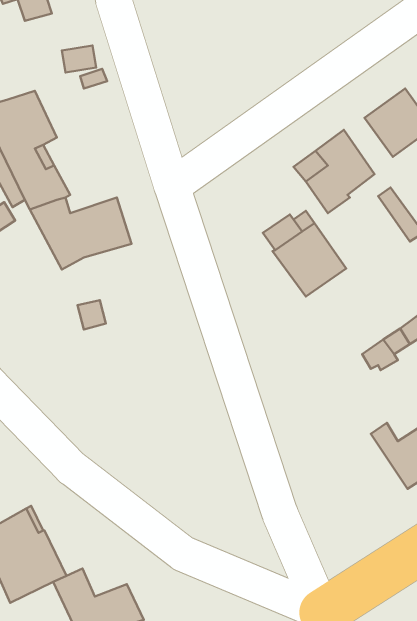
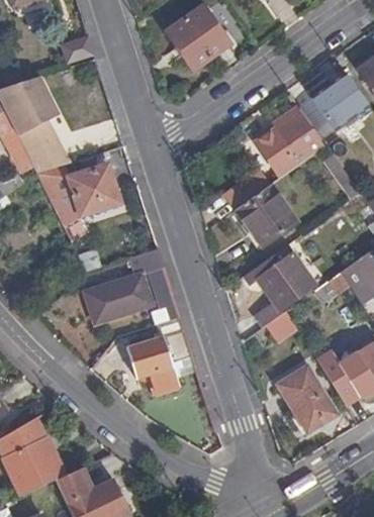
building: none -> [166,6,228,70]
building: none -> [246,244,314,324]
building: none -> [85,247,171,322]
building: none -> [128,329,192,392]
building: none -> [279,368,334,430]

